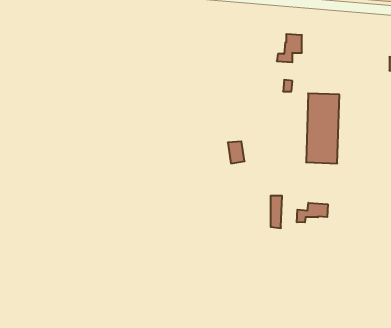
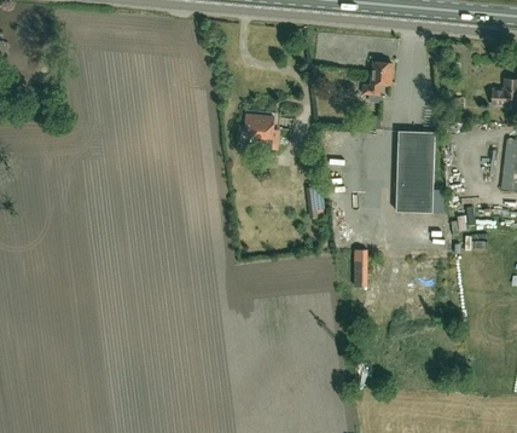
building: none -> [244,115,278,148]
building: [297,203,328,222] -> none

